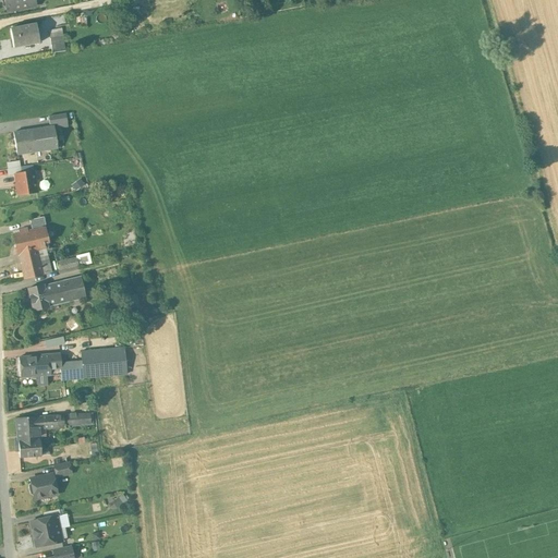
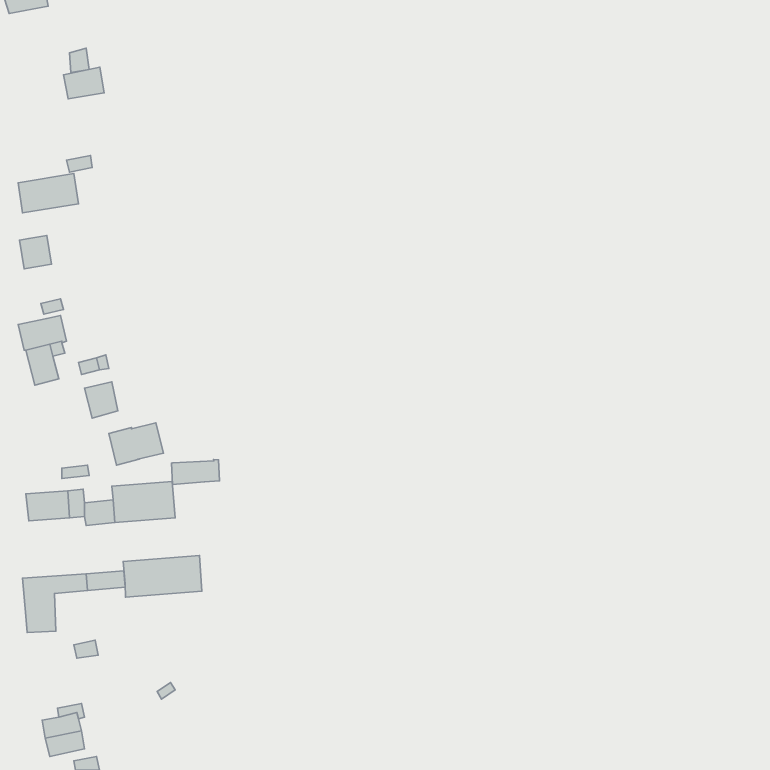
building: [11,23,40,46] -> [64,67,104,99]
building: [28,280,68,311] -> [109,423,163,465]
building: none -> [171,460,220,484]
building: none -> [123,556,202,597]
building: [29,473,58,498] -> none

